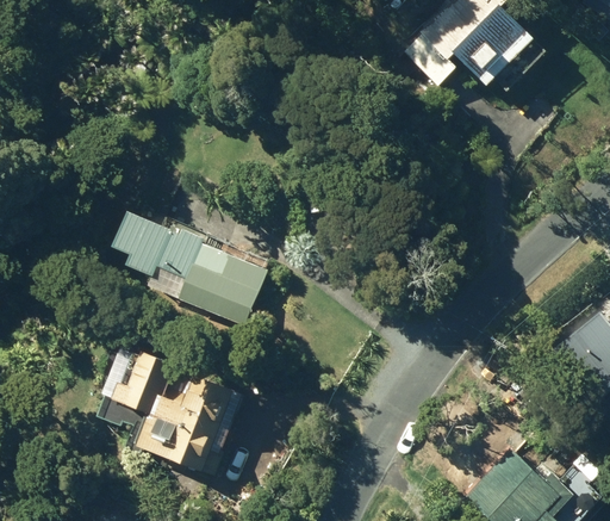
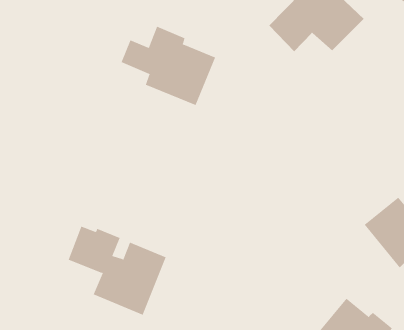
building: none -> [121,26,216,106]
building: [114,213,269,328] -> none

